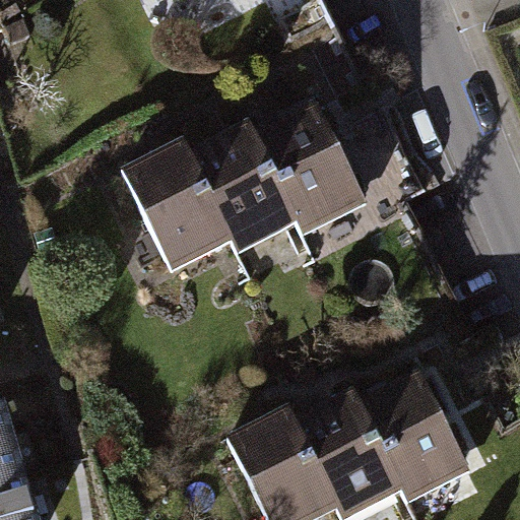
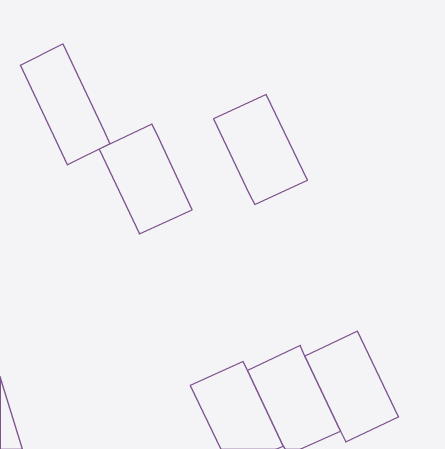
building: none -> [21,44,110,165]
building: [191,124,297,249] -> none

